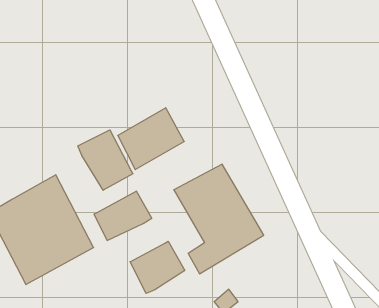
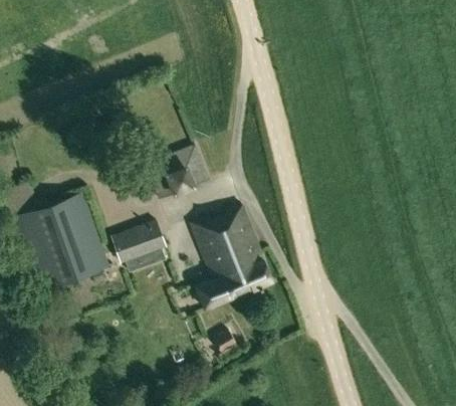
building: [78,130,133,190] -> none
building: [130,241,185,293] -> none

